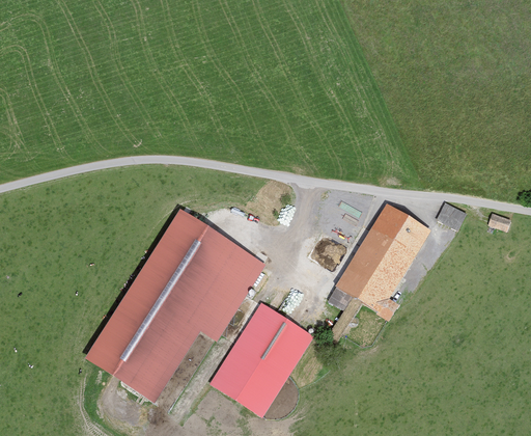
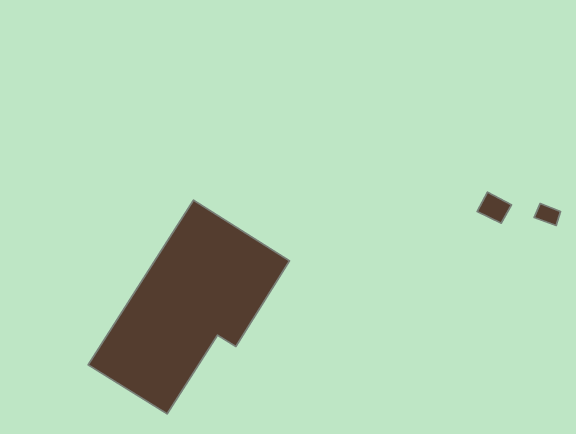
building: [335,202,429,321] -> none
building: [211,302,314,416] -> none

